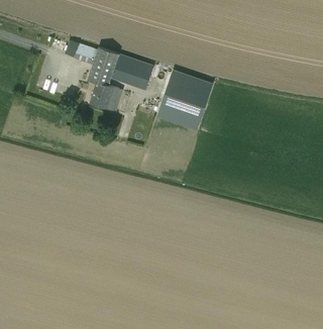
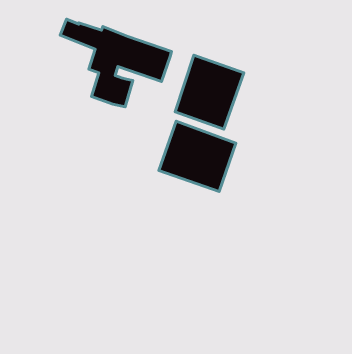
building: none -> [159,121,236,191]

